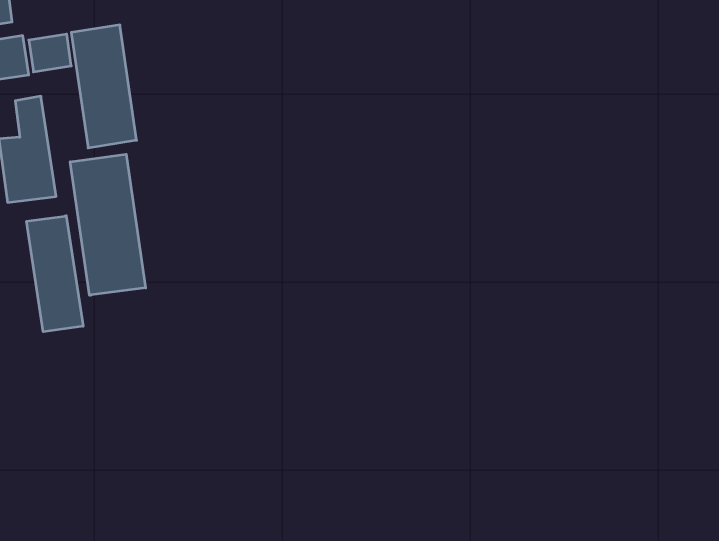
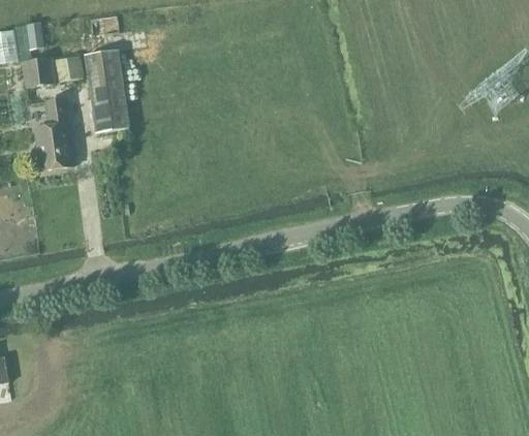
building: [70,154,146,295] -> none
building: [27,216,83,332] -> none

